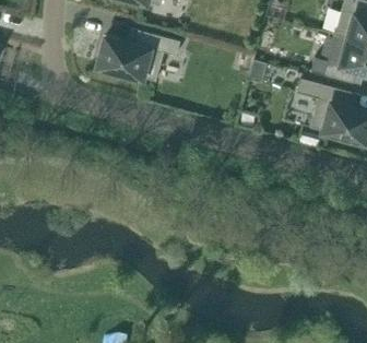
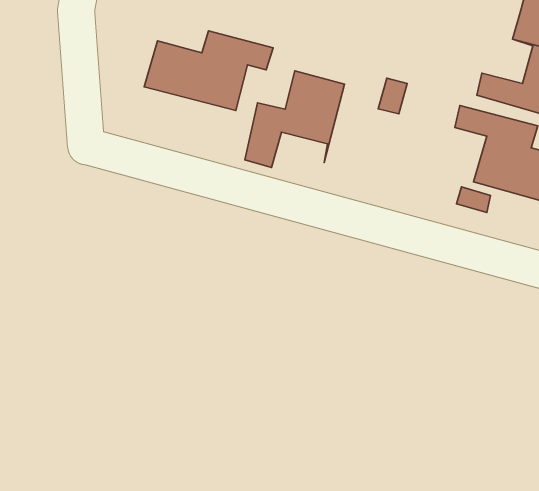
building: none -> [245,71,345,167]

